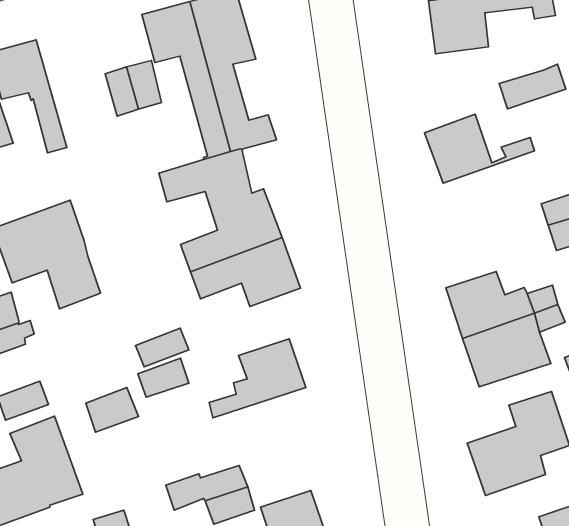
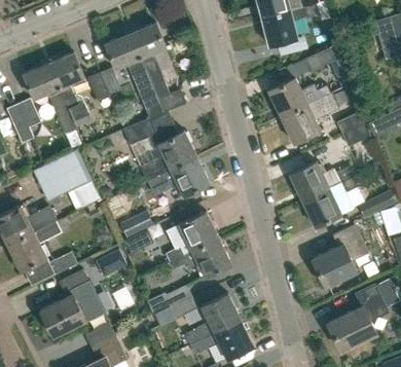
building: none -> [47,52,87,127]
building: none -> [281,93,333,142]
building: none -> [169,237,230,277]

